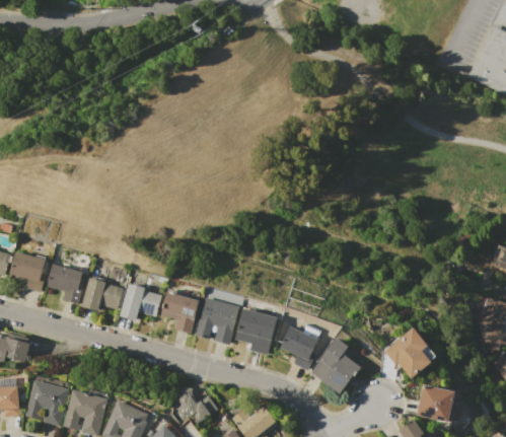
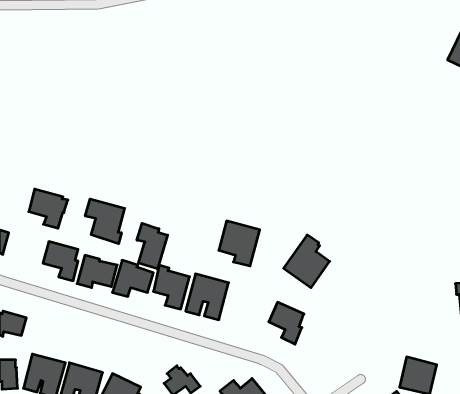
building: none -> [85,199,125,244]
building: none -> [137,223,168,269]
building: [10,251,51,292] -> [29,189,68,228]
building: [234,308,277,355] -> [219,221,260,266]
building: [384,326,430,377] -> none
building: [311,338,359,392] -> [284,235,330,288]

